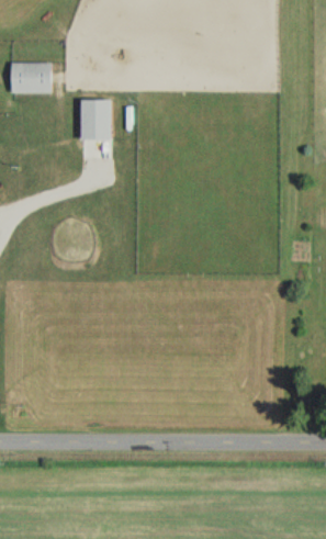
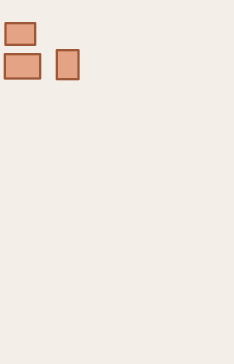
building: none -> [5,54,40,79]

